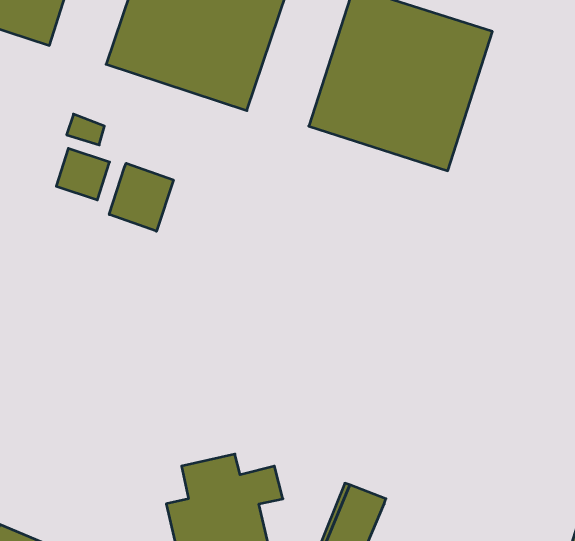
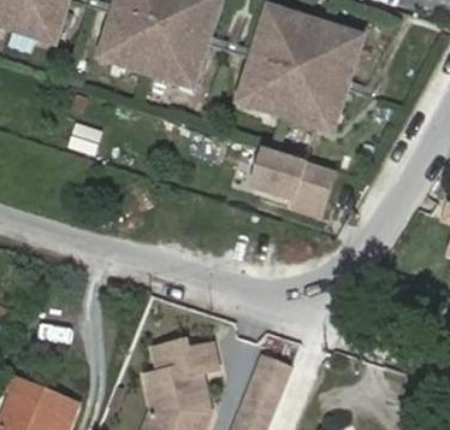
building: [109,163,173,231] -> none
building: none -> [254,146,332,208]

